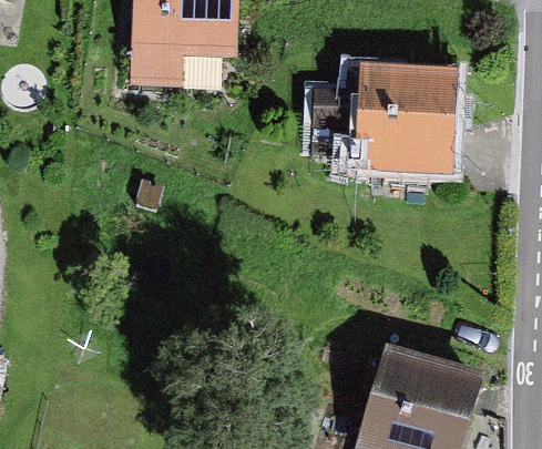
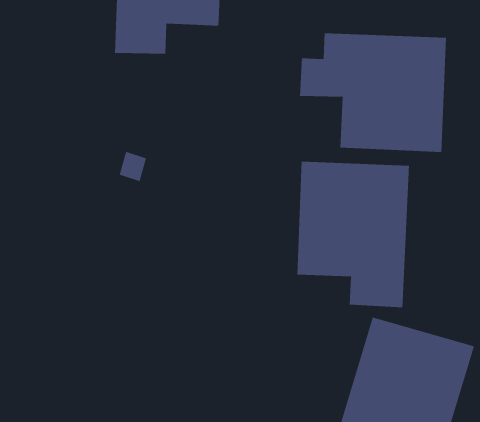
building: none -> [297,161,409,308]

